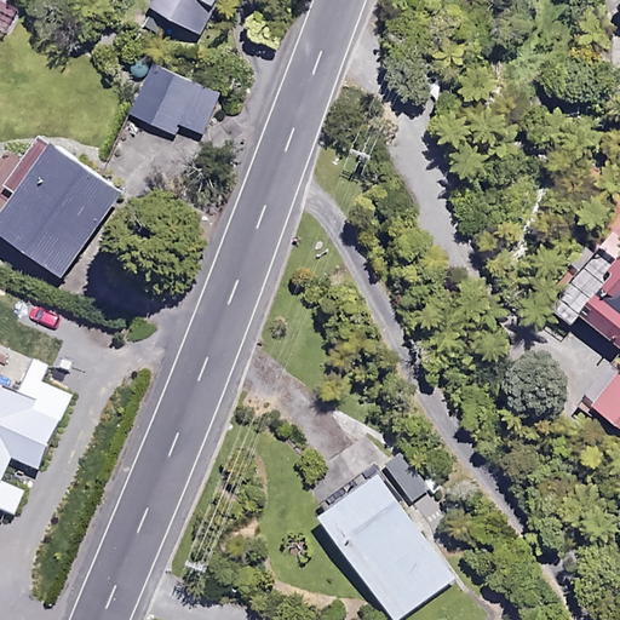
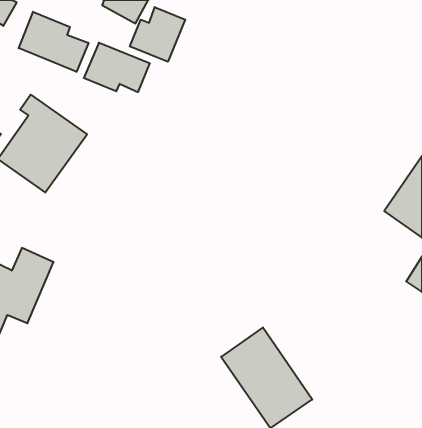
building: none -> [130,7,185,62]
building: none -> [19,12,88,72]

